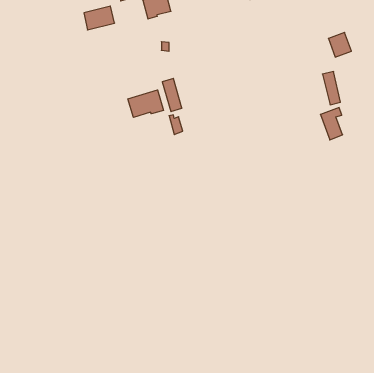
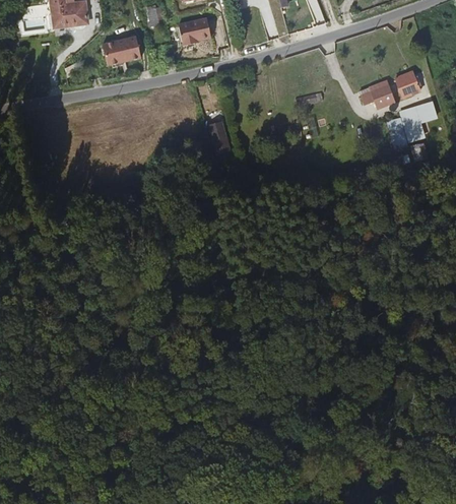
building: none -> [363,77,399,104]
building: [128,90,163,117] -> none
building: [320,108,343,140] -> [404,101,431,139]

